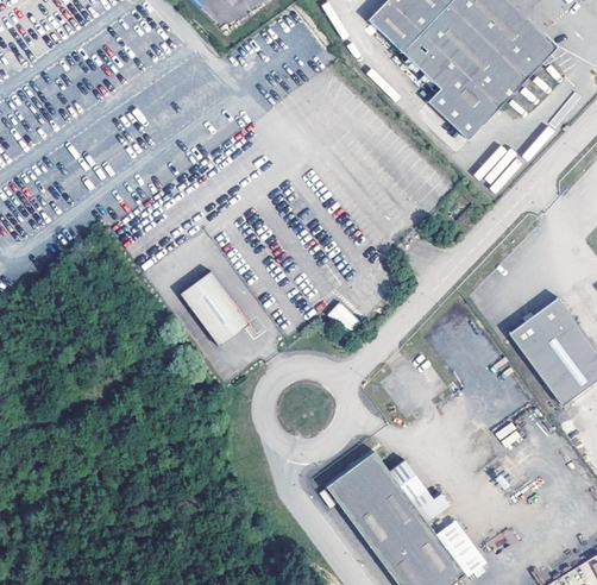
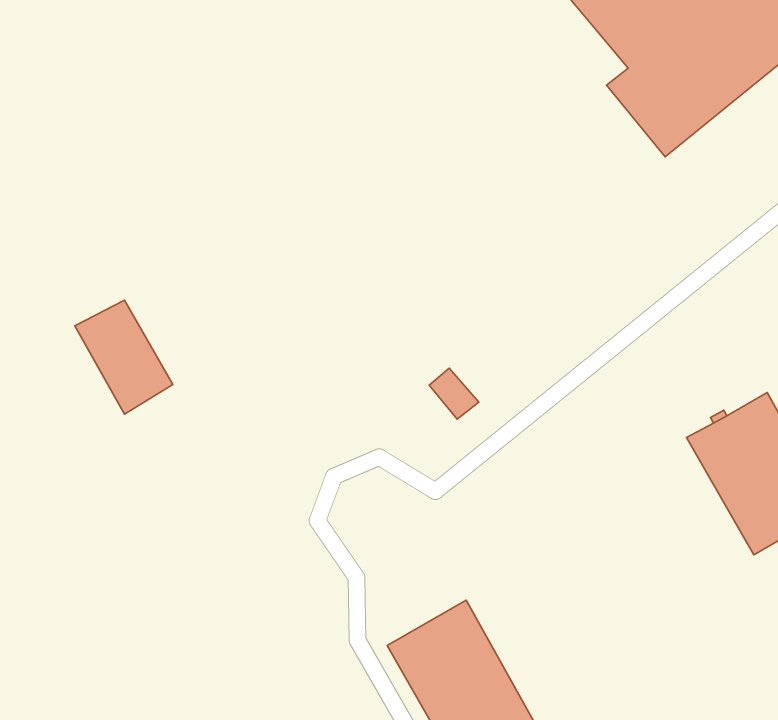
building: [182,271,252,347] -> [75,300,173,414]

